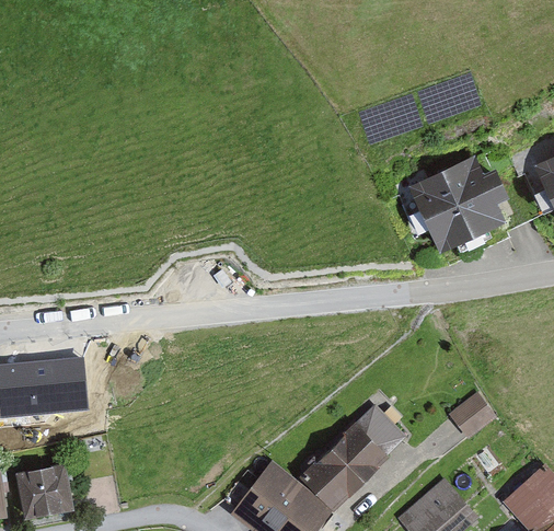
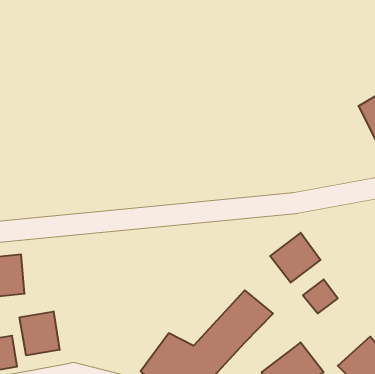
building: [395,142,513,256] -> none
building: none -> [270,233,321,283]
building: none -> [20,311,60,355]

